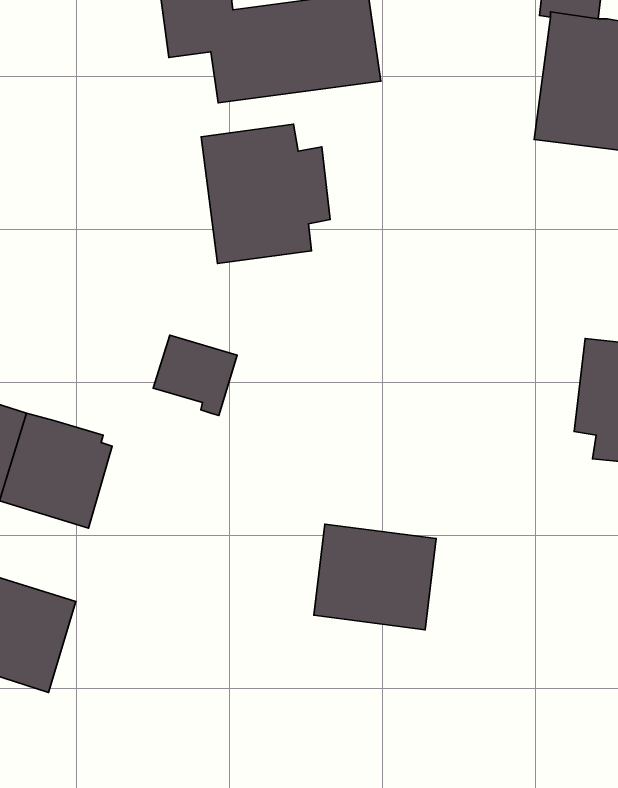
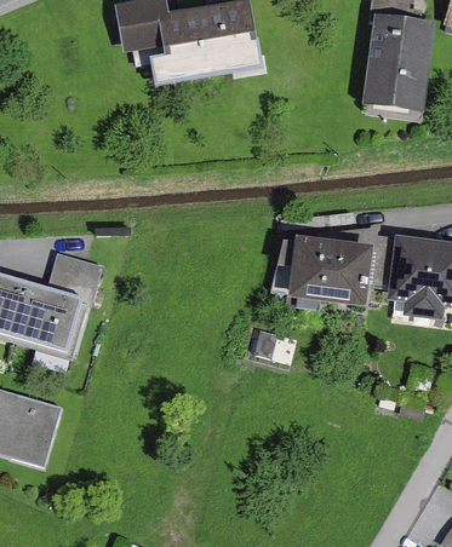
building: [201,124,330,264] -> none
building: [153,335,237,415] -> [45,253,101,306]
building: [314,524,436,630] -> [291,236,372,306]

